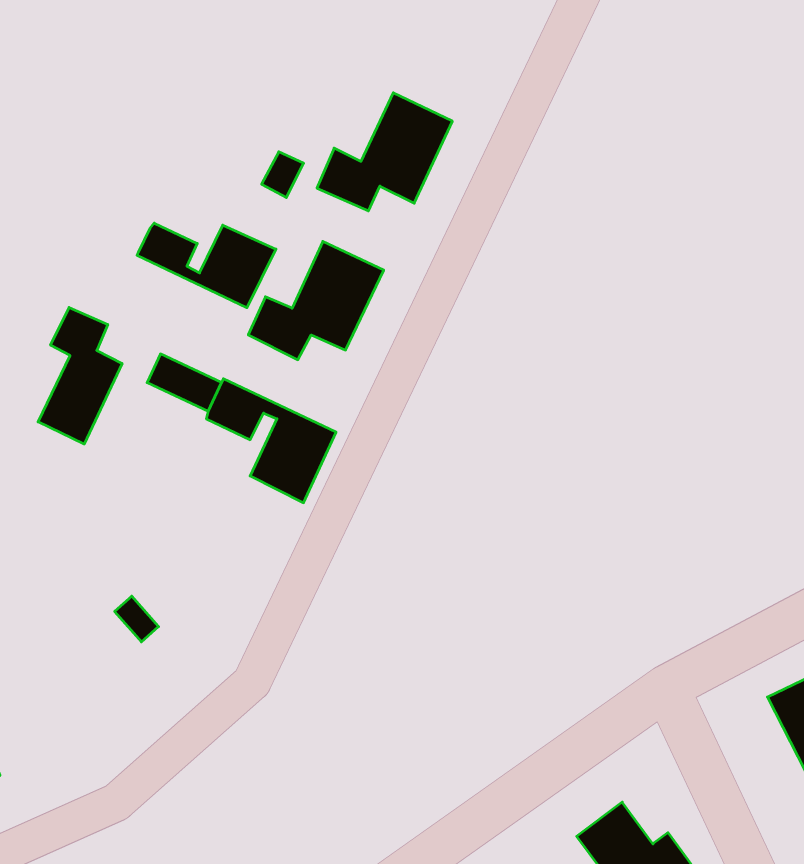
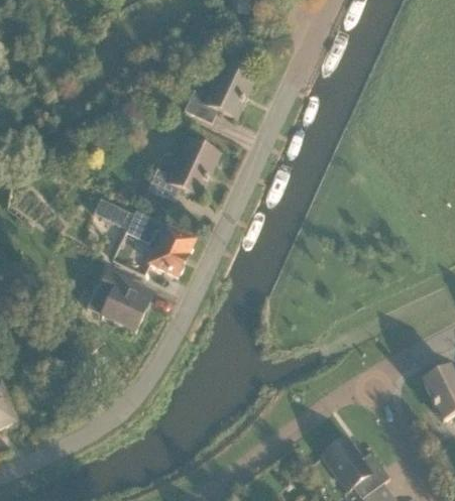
building: [137,223,276,308] -> none
building: [38,307,122,444] -> none
building: none -> [87,268,148,330]

